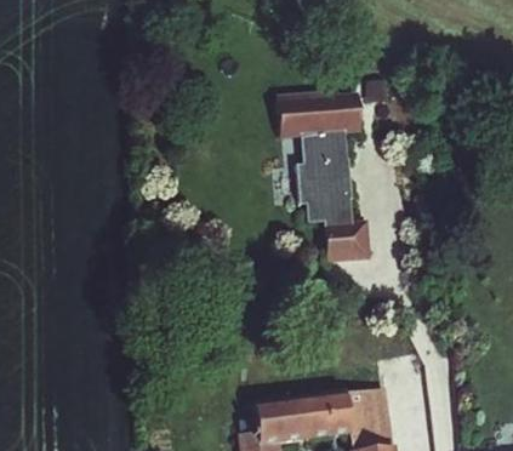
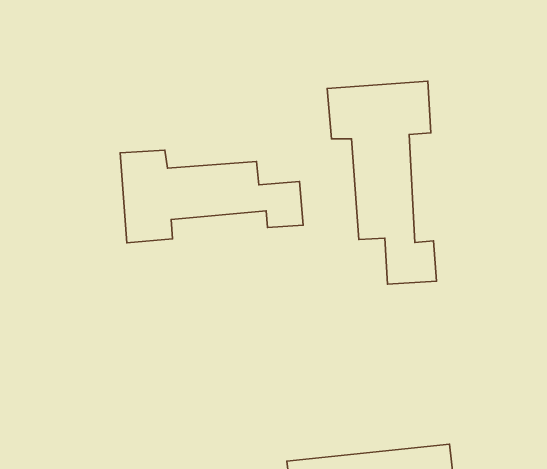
building: none -> [120,150,303,243]

